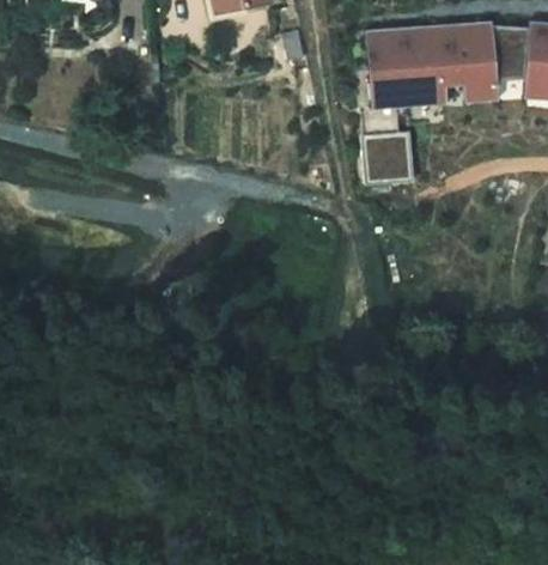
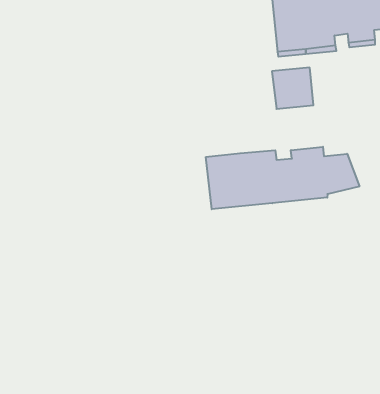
building: none -> [206,147,359,209]

